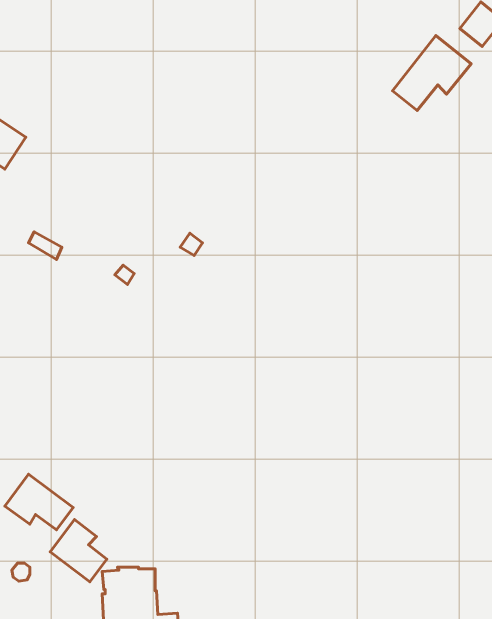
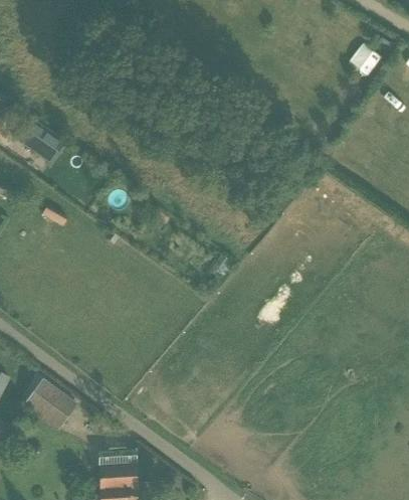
building: [392,36,471,110] -> none
building: [50,519,107,582] -> none

